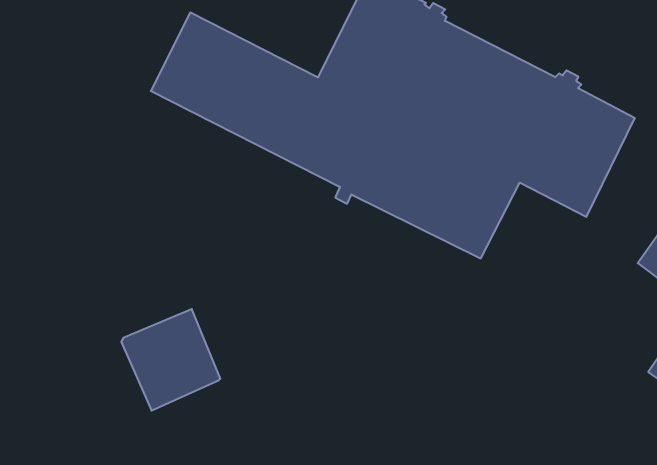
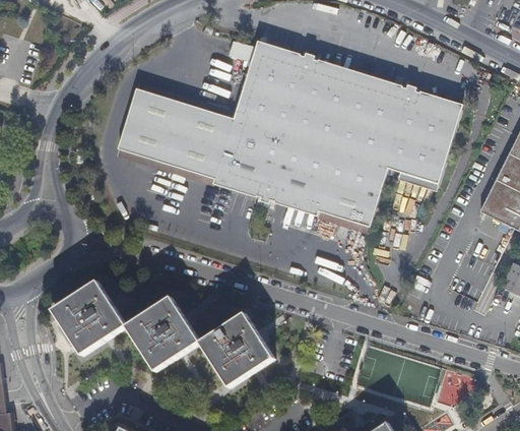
building: none -> [52,280,127,356]
building: none -> [199,312,274,388]

